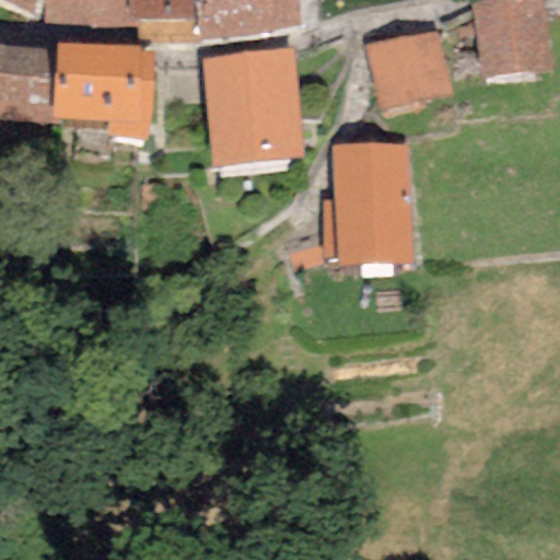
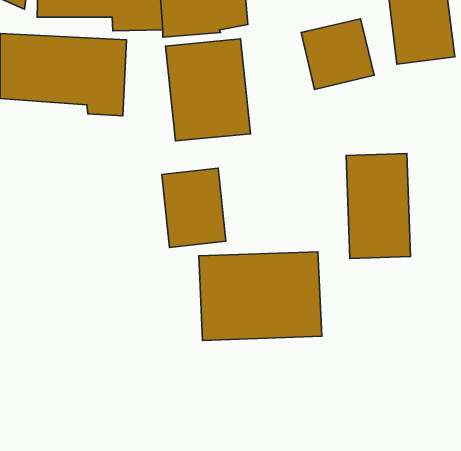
building: [334,140,411,267] -> [346,154,410,258]
building: none -> [162,168,226,248]
building: none -> [199,252,322,340]

